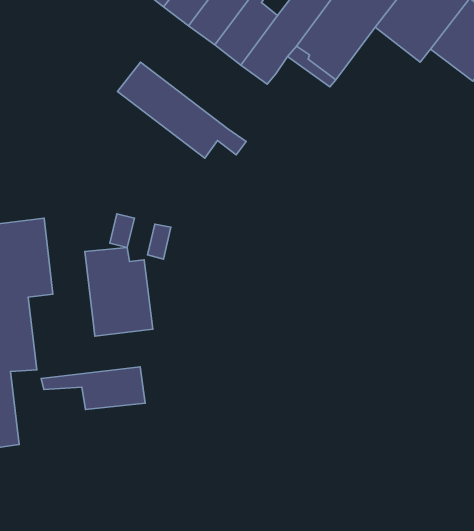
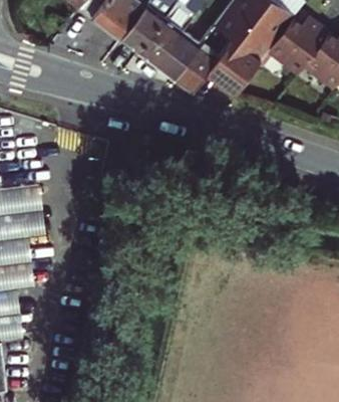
building: [117,62,246,158] -> none
building: [85,247,153,336] -> none
building: [41,367,145,410] -> none

